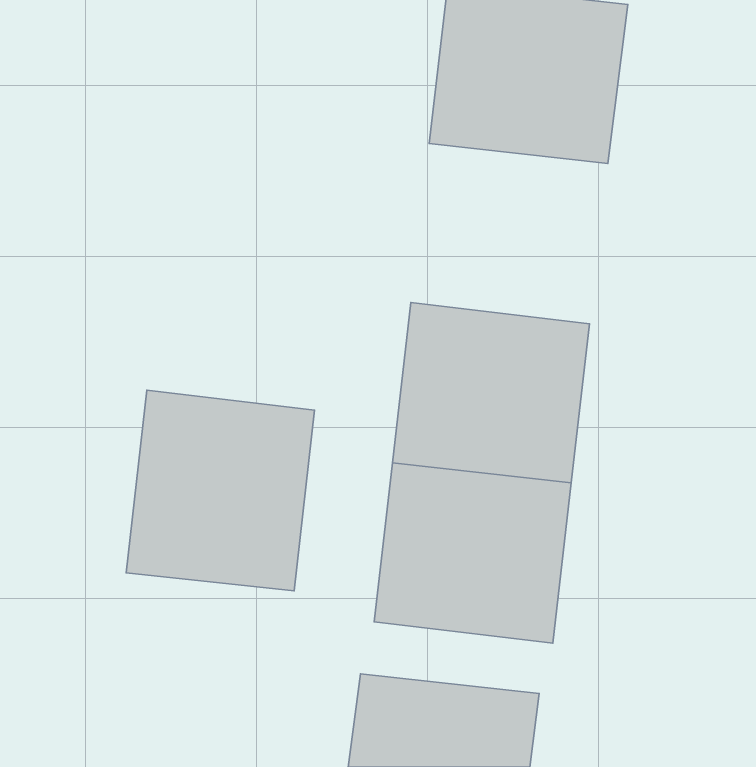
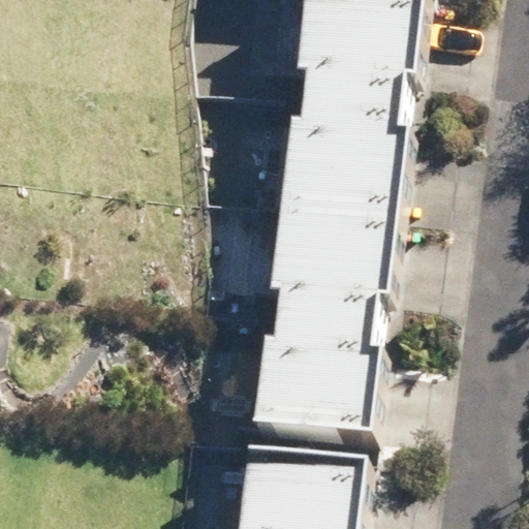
building: none -> [278,97,411,219]
building: [126,390,315,591] -> none

